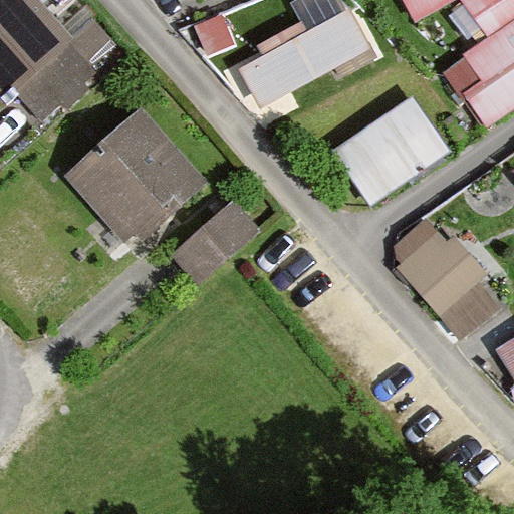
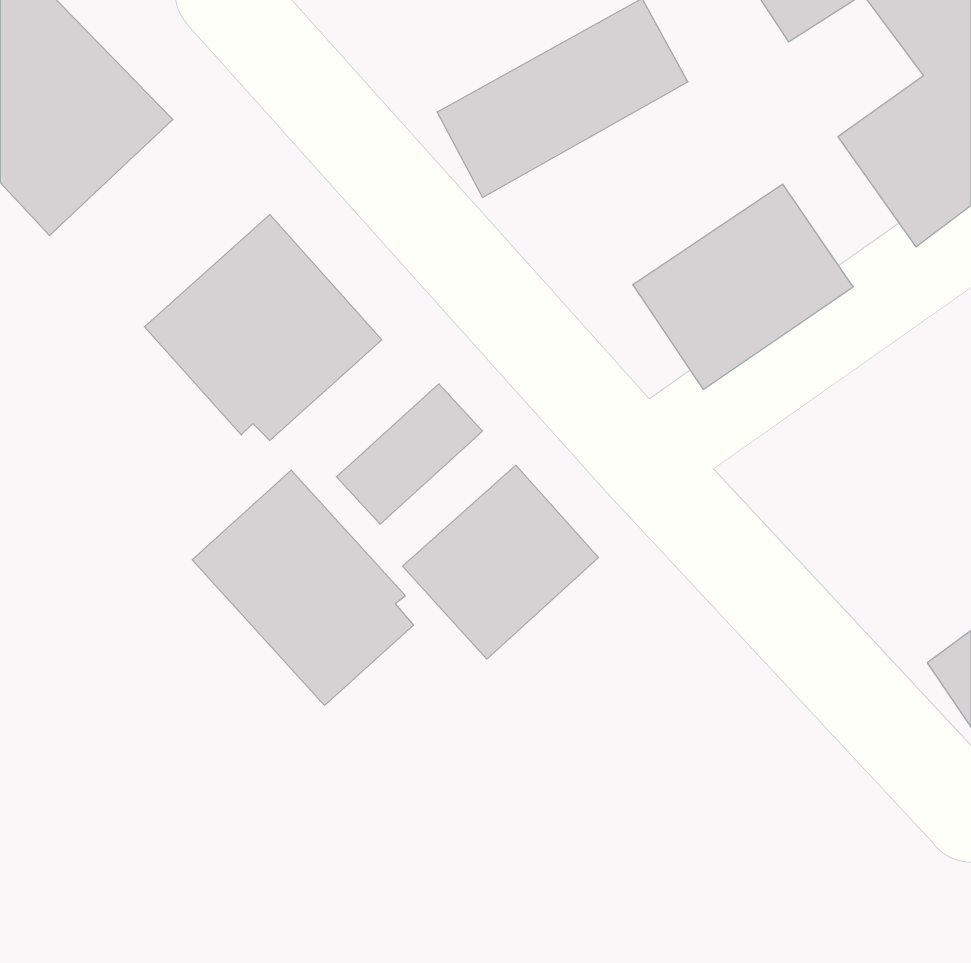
building: [389,219,504,334] -> none
building: none -> [403,465,598,659]
building: none -> [192,470,413,705]

